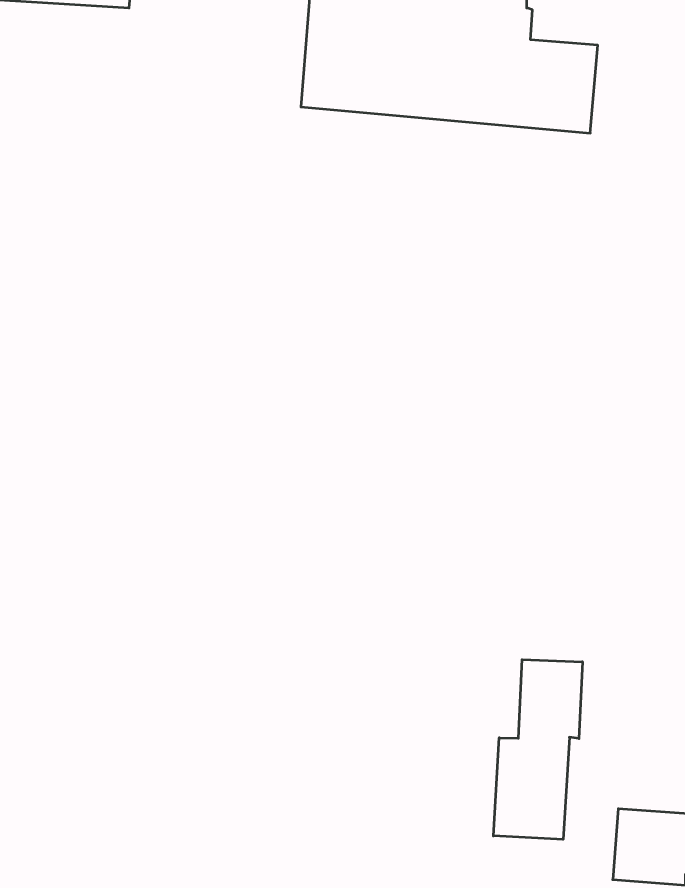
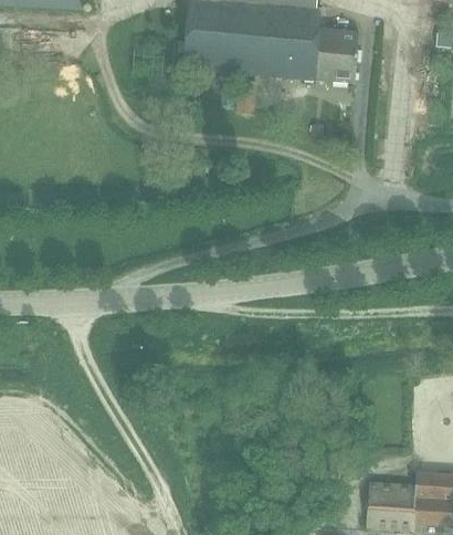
building: [493,660,582,839] -> none

